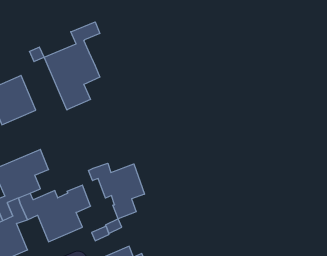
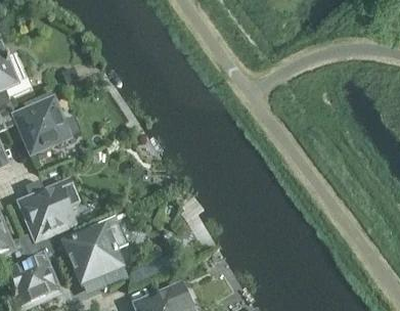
building: [44,22,100,110] -> none
building: [89,163,144,219] -> none

